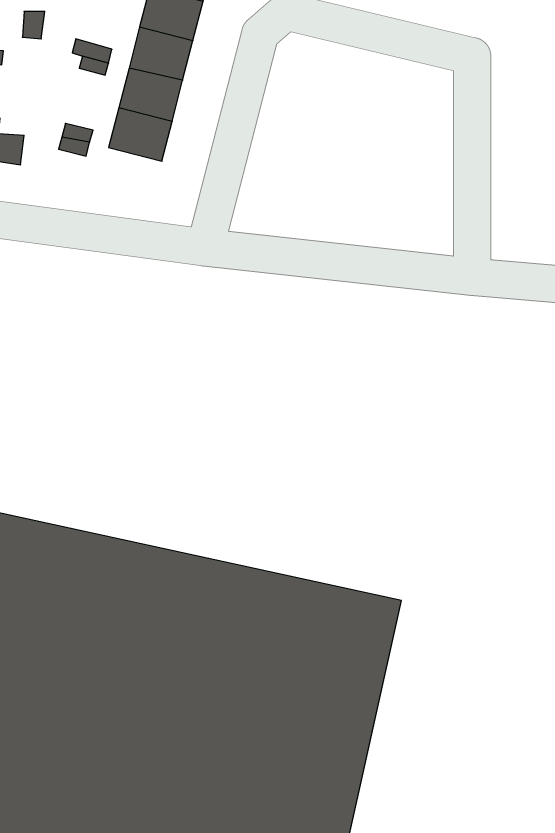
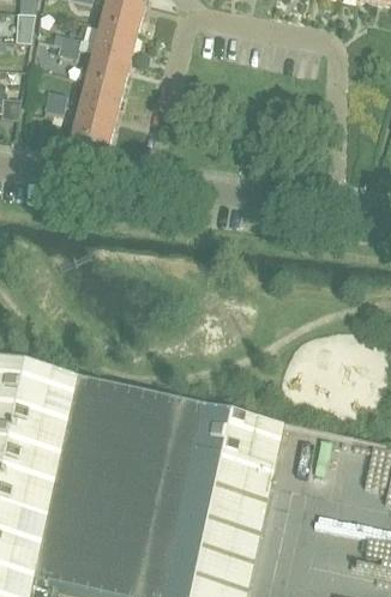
building: none -> [71,107,115,145]

